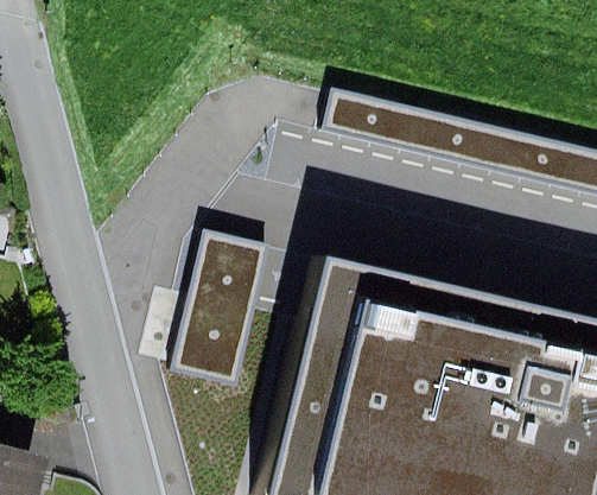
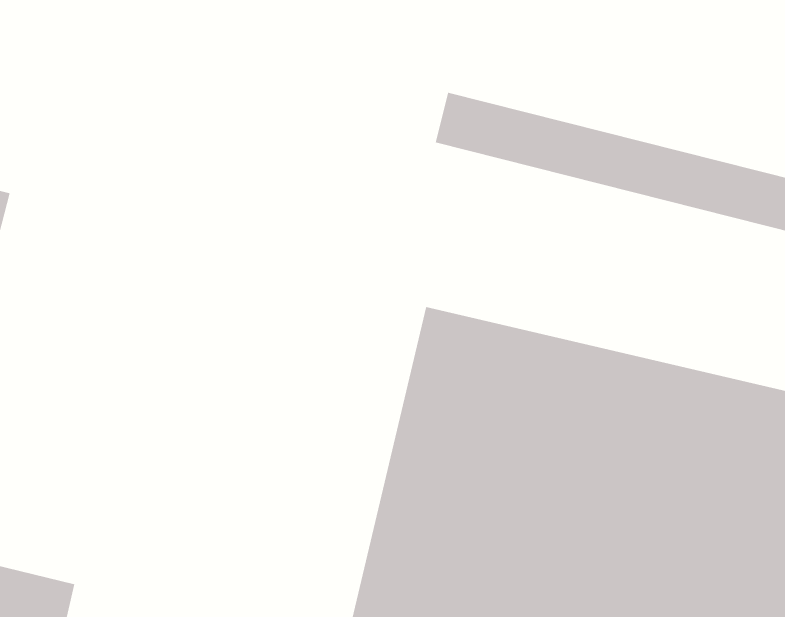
building: [178,235,279,391] -> none

